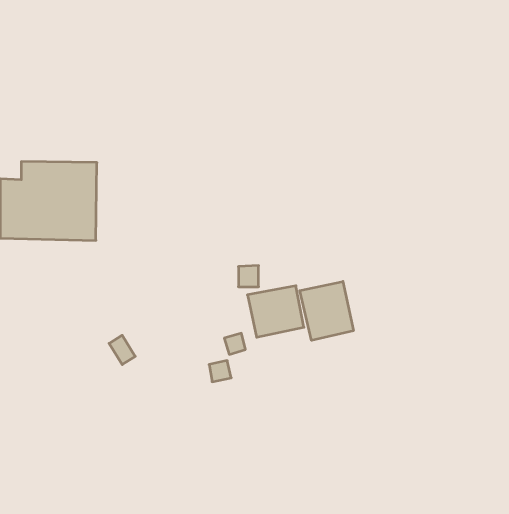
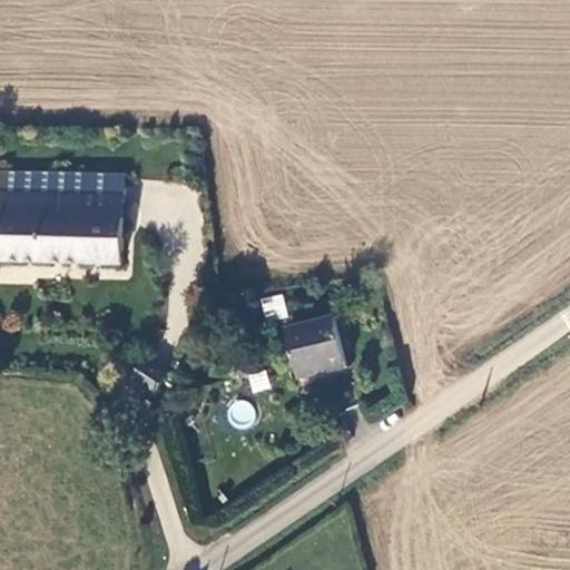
building: [300,281,353,340] -> none

